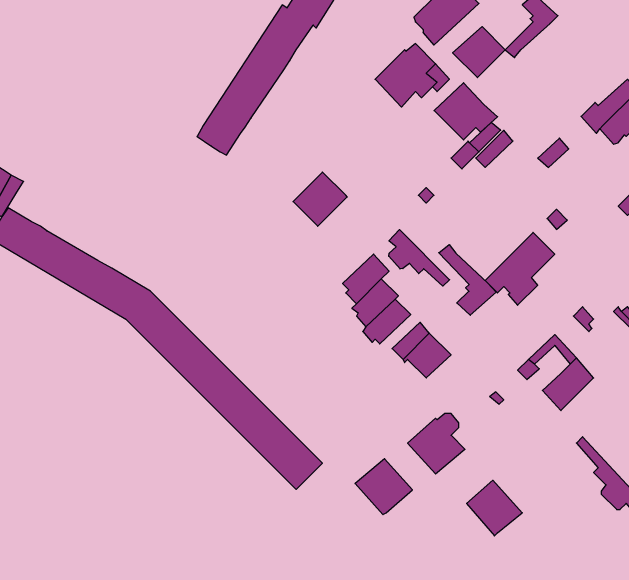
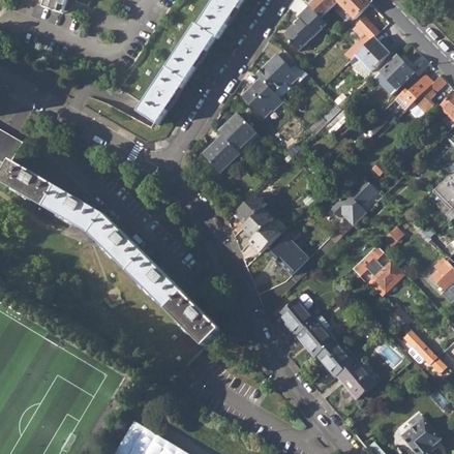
building: [453,27,505,78] -> [354,37,389,71]
building: none -> [373,56,413,95]
building: [434,83,498,140] -> [241,79,283,117]
building: none -> [217,115,255,152]
building: [389,230,450,286] -> none
building: [439,245,496,315] -> none
building: [355,459,412,515] -> [297,322,335,359]
building: none -> [338,362,376,400]

